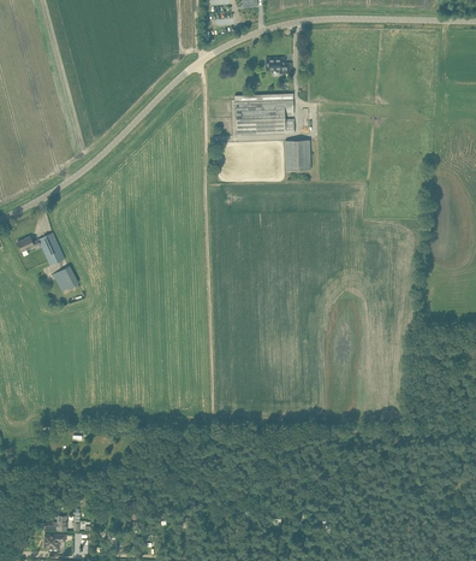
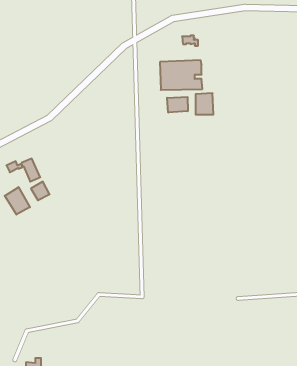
building: none -> [167,97,188,113]
building: none -> [5,187,30,215]

